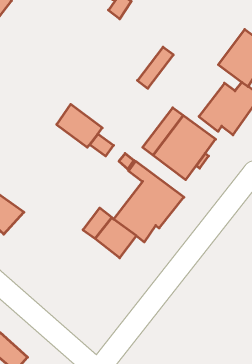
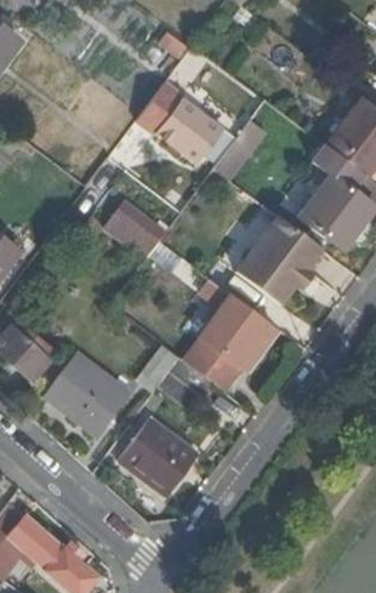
building: none -> [139,82,224,161]
building: none -> [44,353,129,434]
building: none -> [119,418,196,495]

